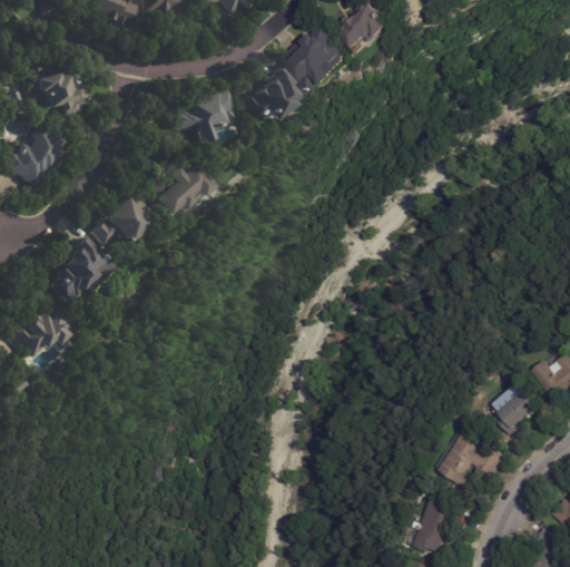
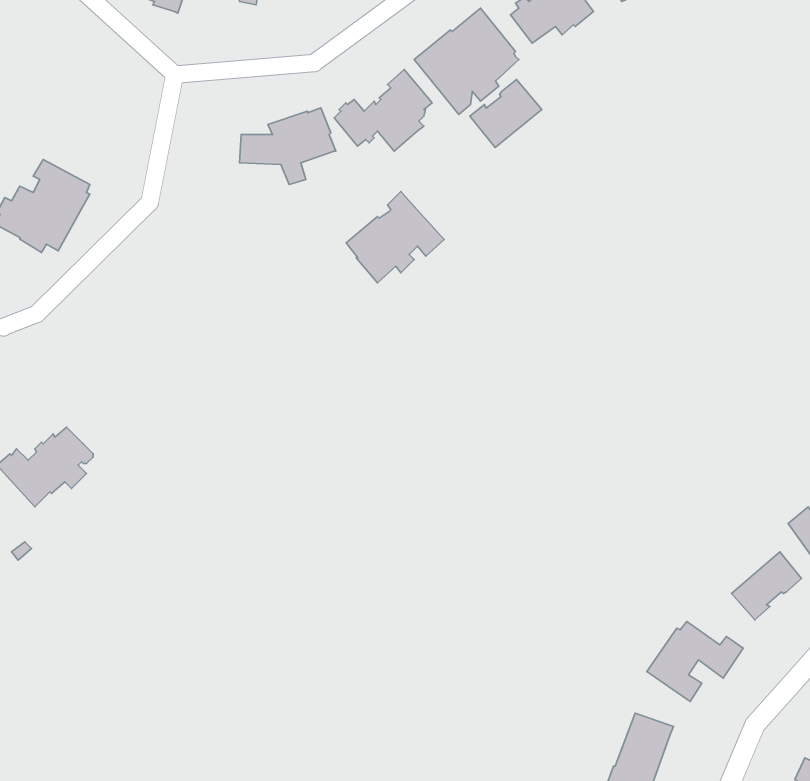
building: [31,70,82,117] -> none
building: none -> [470,80,542,148]
building: [144,155,209,216] -> [346,191,444,283]
building: [87,192,154,251] -> none
building: [48,236,110,304] -> none

